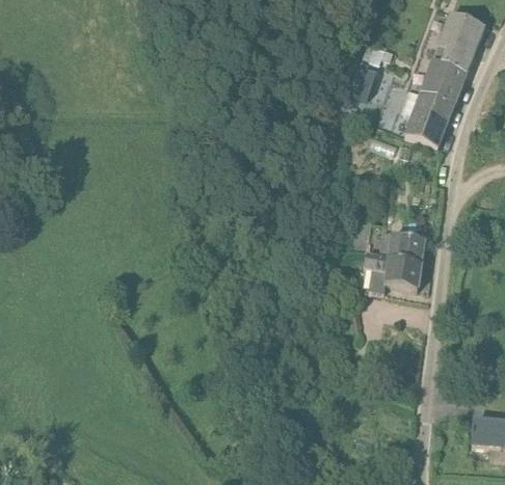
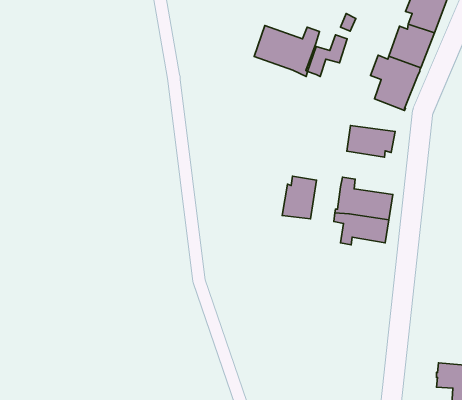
building: none -> [254,26,320,77]
building: none -> [347,125,395,157]
building: none -> [282,176,316,219]

